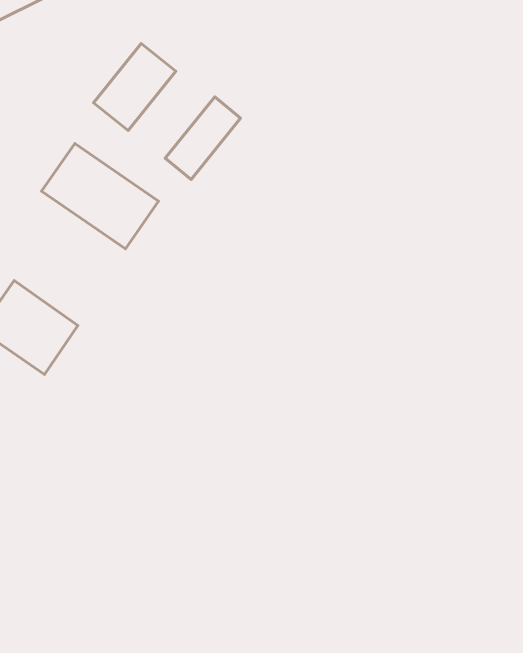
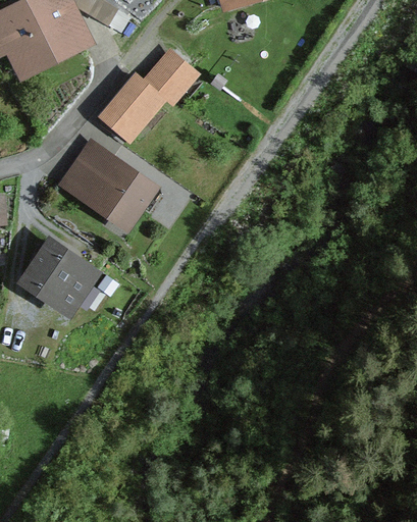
building: none -> [149,55,194,100]
building: [165,97,241,180] -> none

